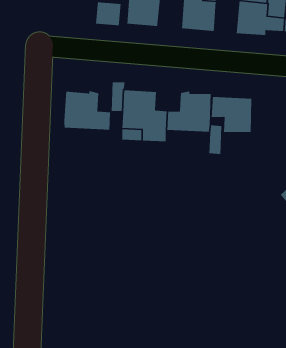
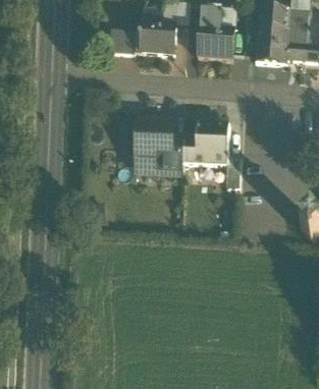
building: [63,90,111,131] -> none
building: [211,96,252,133] -> none

